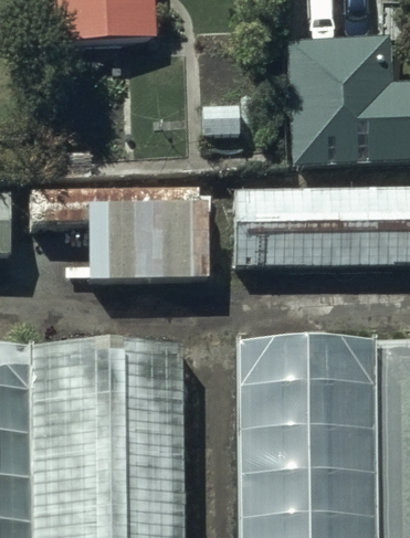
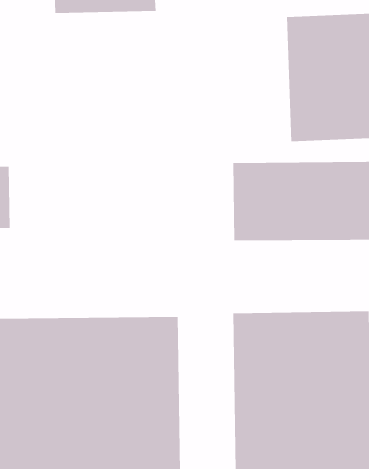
building: [32,188,210,276] -> none

